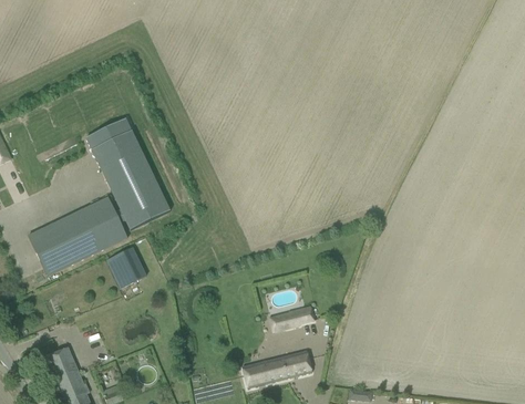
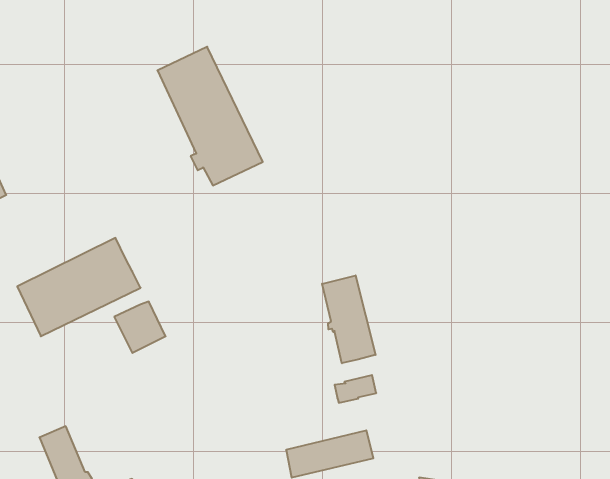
building: [86,118,171,229] -> [157,47,263,185]
building: none -> [322,275,376,363]

